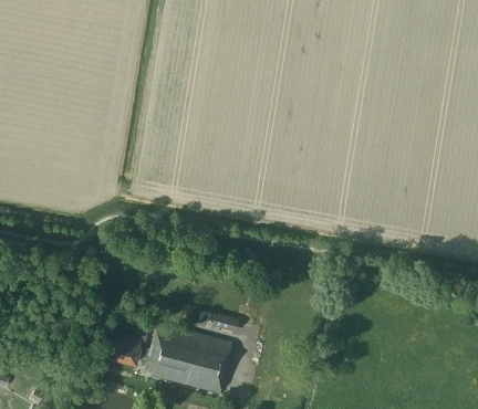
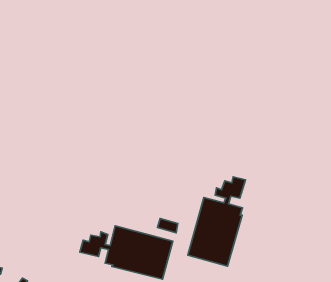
building: none -> [188,177,246,266]

